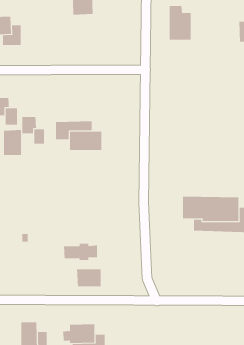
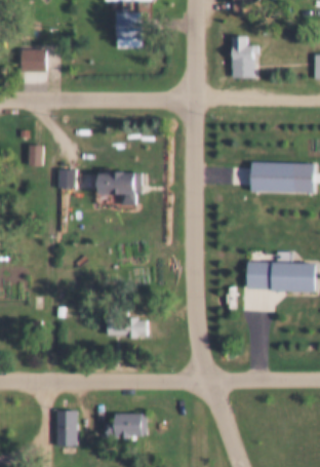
building: none -> [249,161,311,190]
building: [4,129,21,156] -> none
building: [77,268,101,287] -> none

